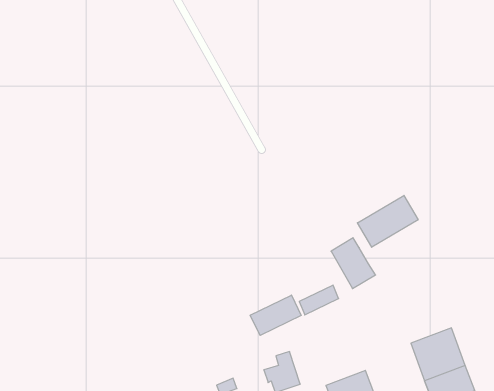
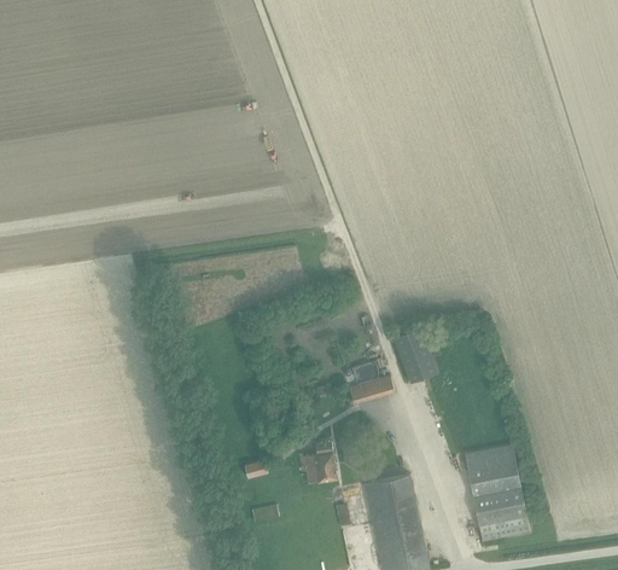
building: [357,195,418,247] -> none
building: [250,295,301,335] -> none

